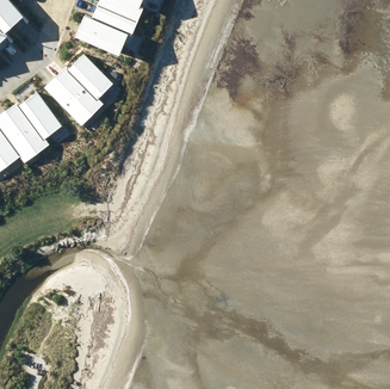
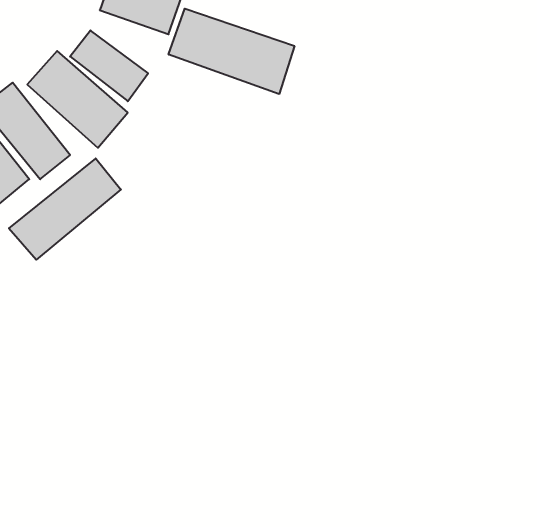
building: none -> [169,9,294,94]
building: none -> [9,158,121,260]

